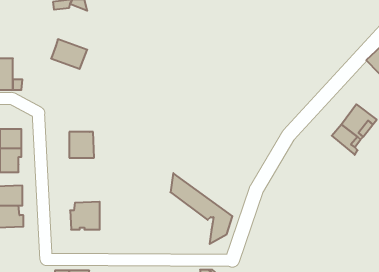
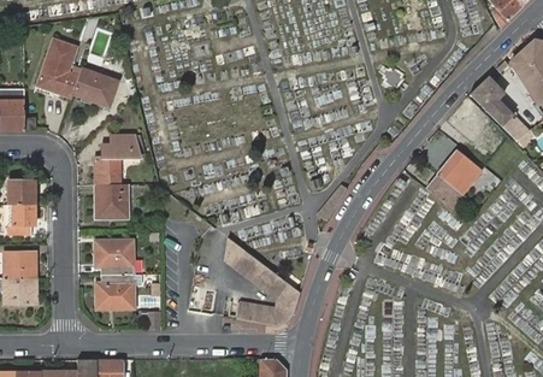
building: none -> [36,39,78,98]
building: none -> [94,135,140,184]
building: none -> [96,240,134,273]
building: none -> [236,301,275,325]

